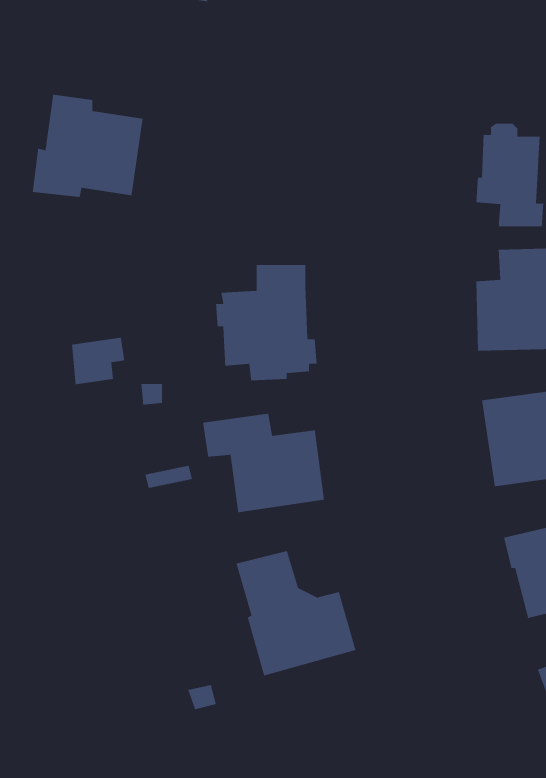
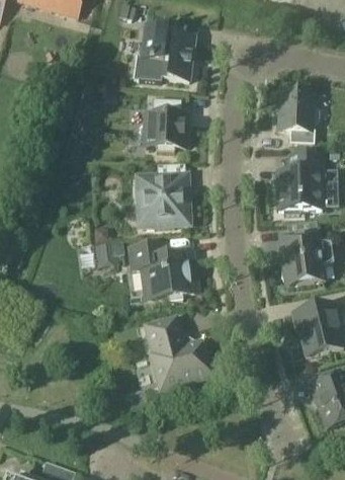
building: [32,94,143,198] -> [134,24,194,81]
building: none -> [145,98,186,146]
building: [71,337,125,385] -> [95,240,124,266]

